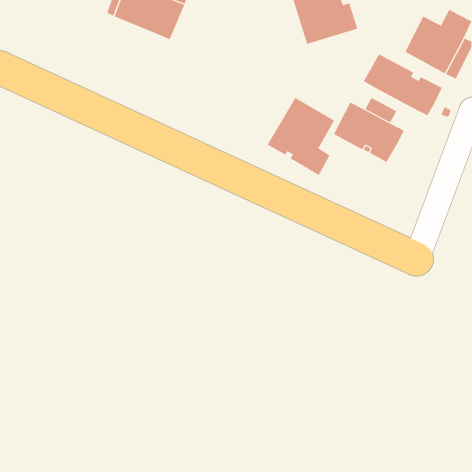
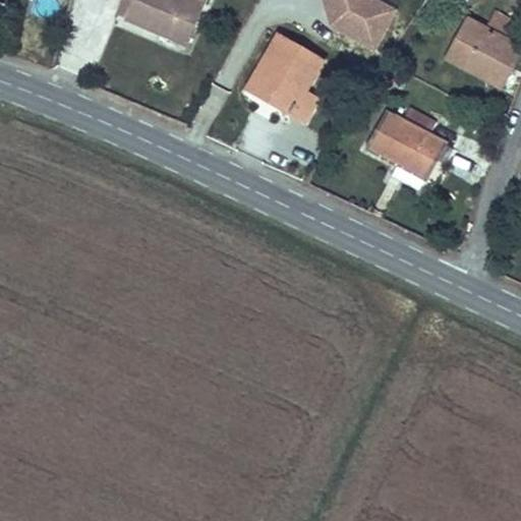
building: [363,53,442,116] -> none
building: [266,97,335,176] -> [246,36,322,122]

